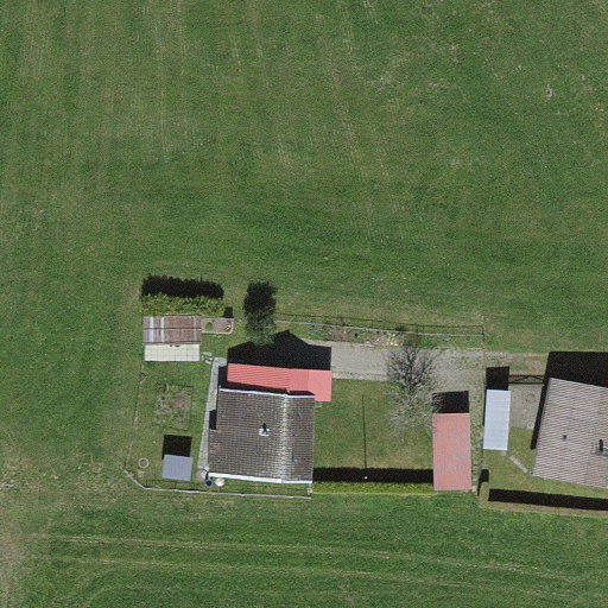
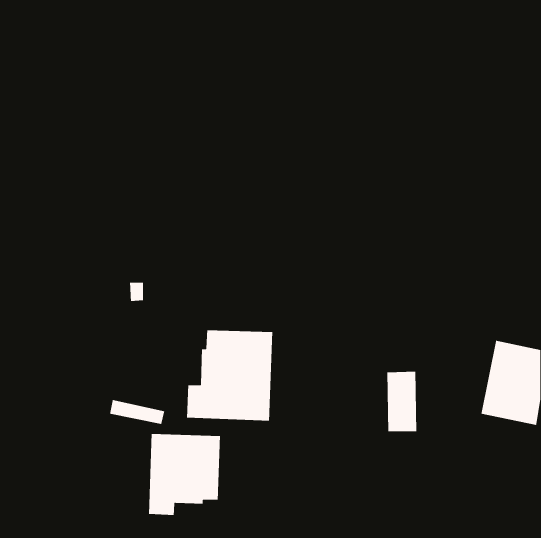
building: none -> [148,433,221,516]

